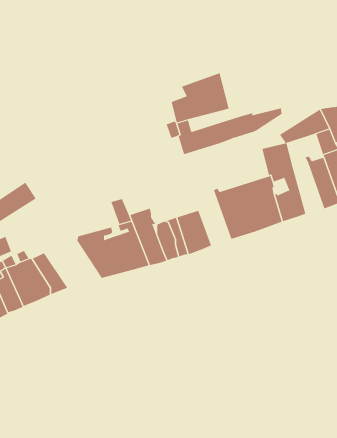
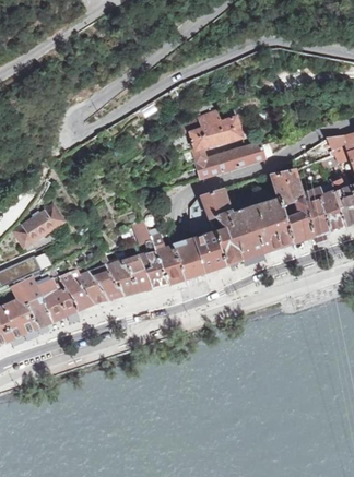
building: none -> [302,188,330,236]
building: none -> [200,190,244,265]
building: none -> [71,261,123,305]

